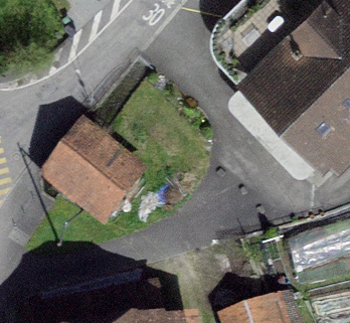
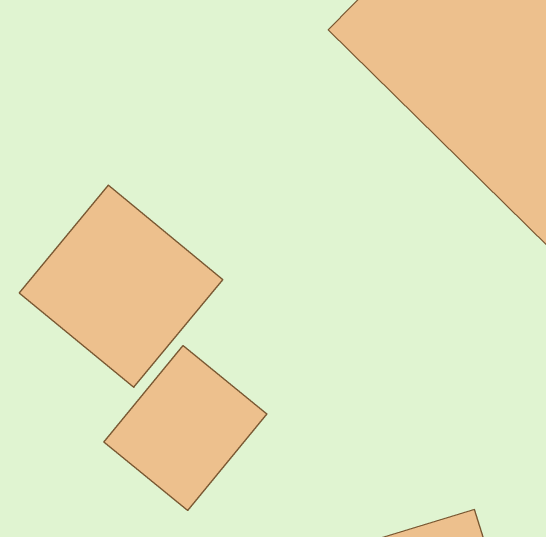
building: none -> [104,346,267,510]

